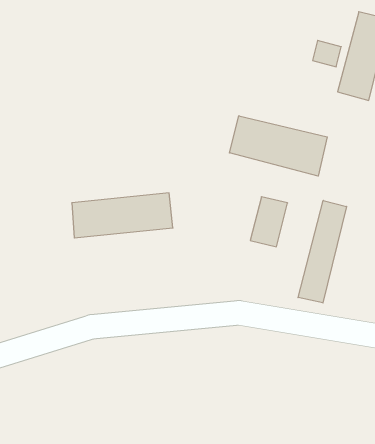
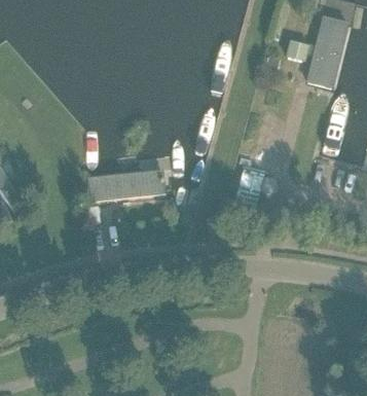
building: [229,116,327,176] -> none
building: [298,200,347,303] -> none

